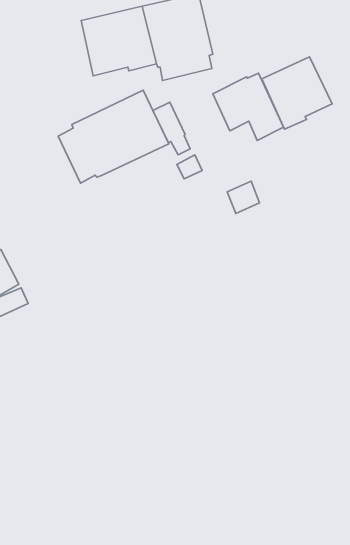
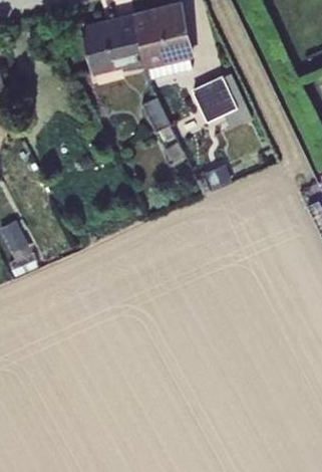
building: [262,57,332,129] -> none
building: [58,90,169,183] -> none

